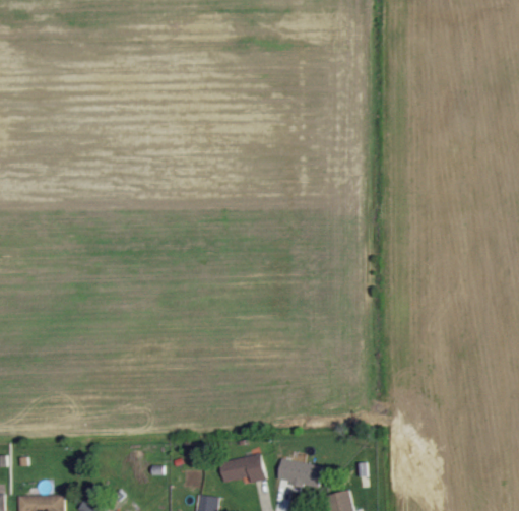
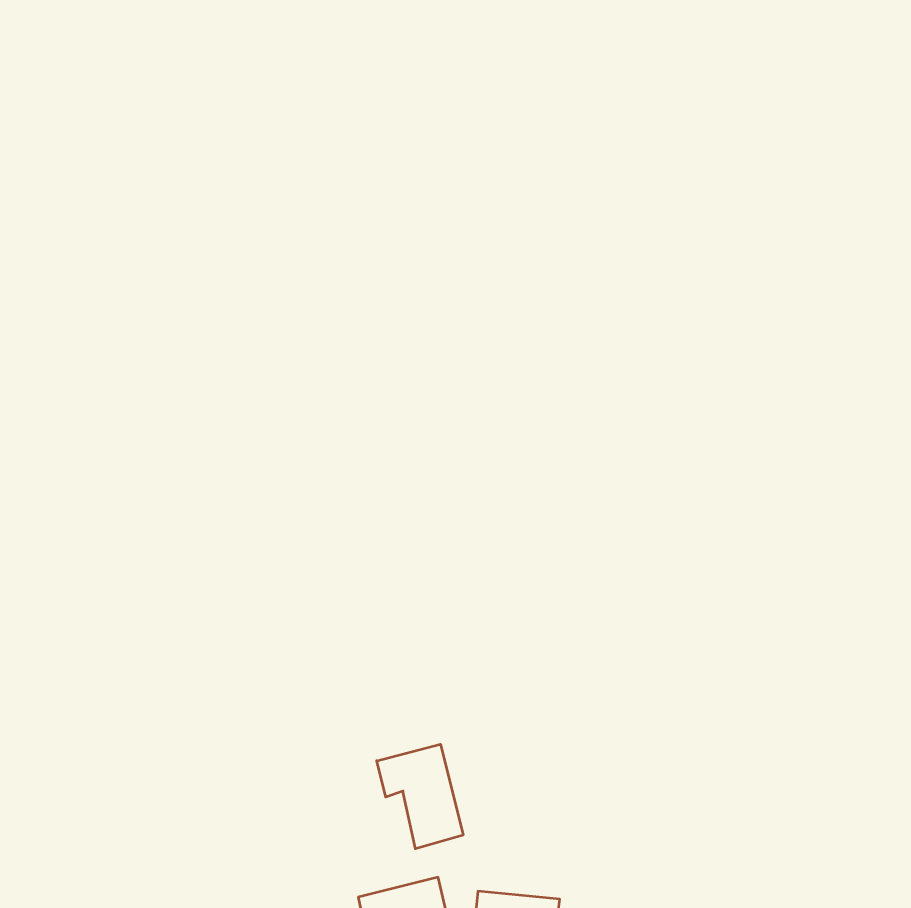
building: none -> [377,744,463,849]

